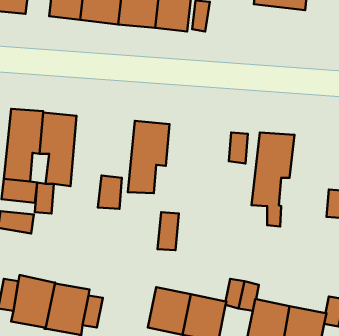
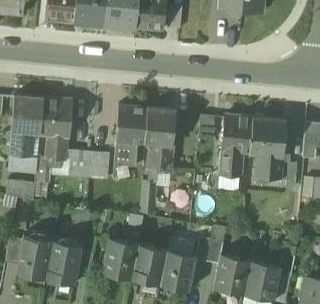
building: none -> [145,107,175,169]
building: none -> [249,116,280,178]
building: none -> [67,149,91,177]
building: none -> [100,238,137,278]

